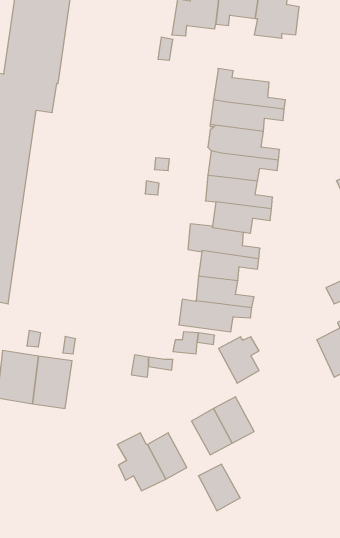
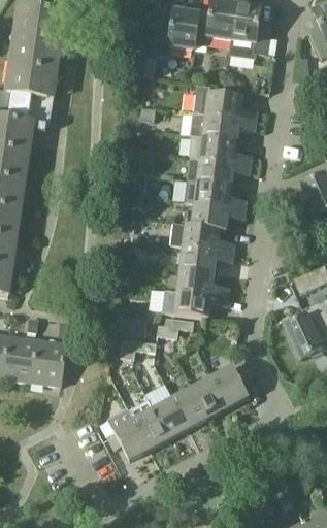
building: [219,337,259,383] -> [212,365,249,406]
building: [198,464,240,511] -> [153,397,190,438]

